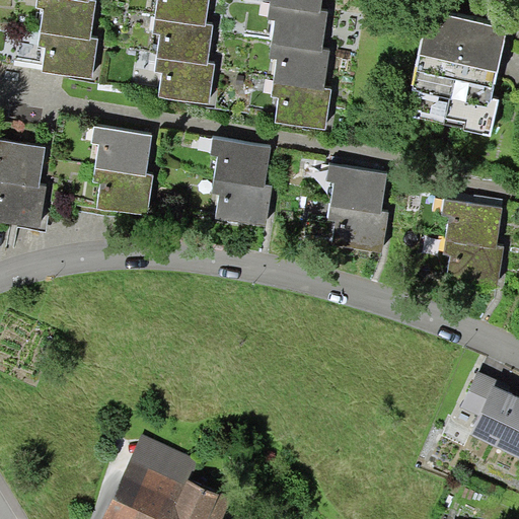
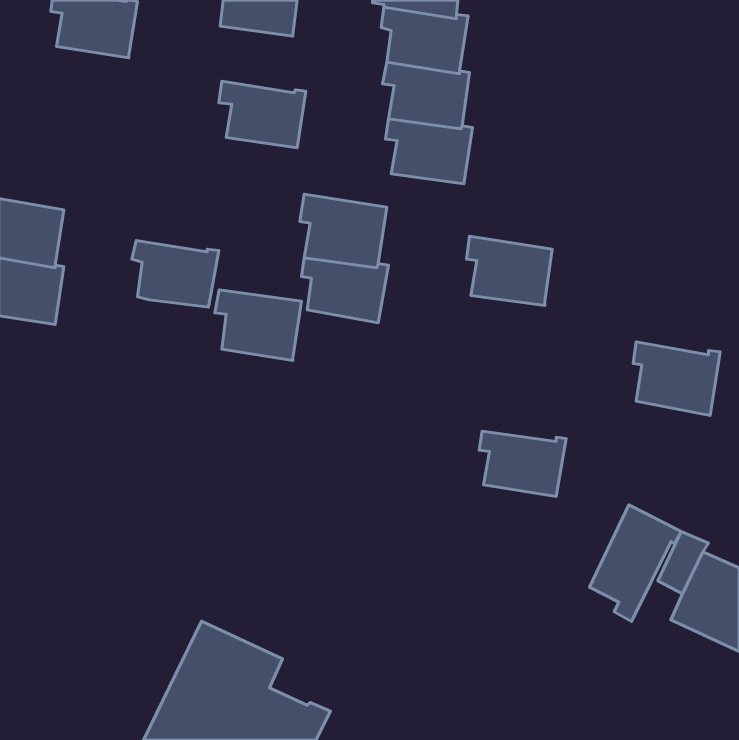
building: [413,11,506,136] -> none
building: [151,18,212,65] -> none
building: [38,32,98,79] -> none
building: [90,127,151,176] -> [215,290,302,361]
building: [441,199,502,248] -> none
building: [327,207,388,252] -> [479,431,566,496]
building: none -> [589,505,681,622]

